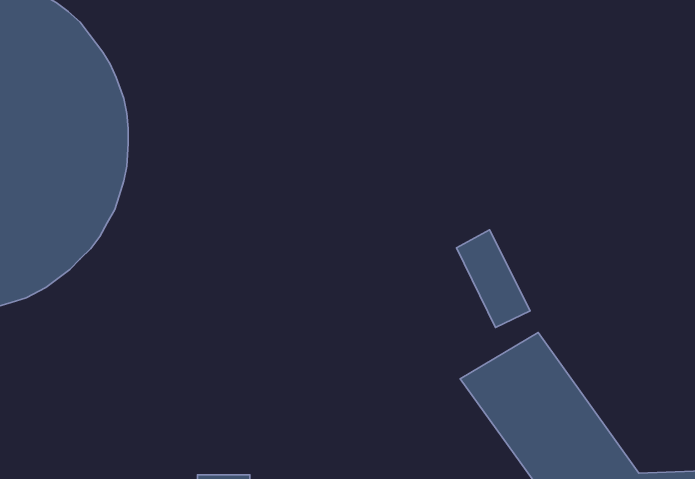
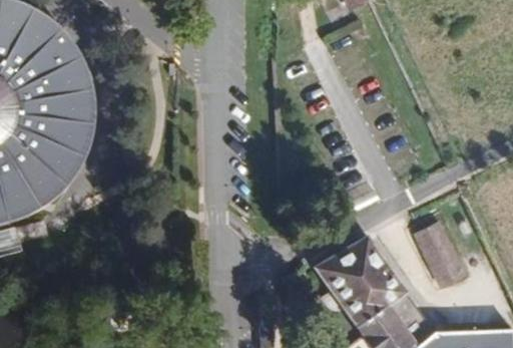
building: [457,230,530,327] -> [416,222,465,287]

